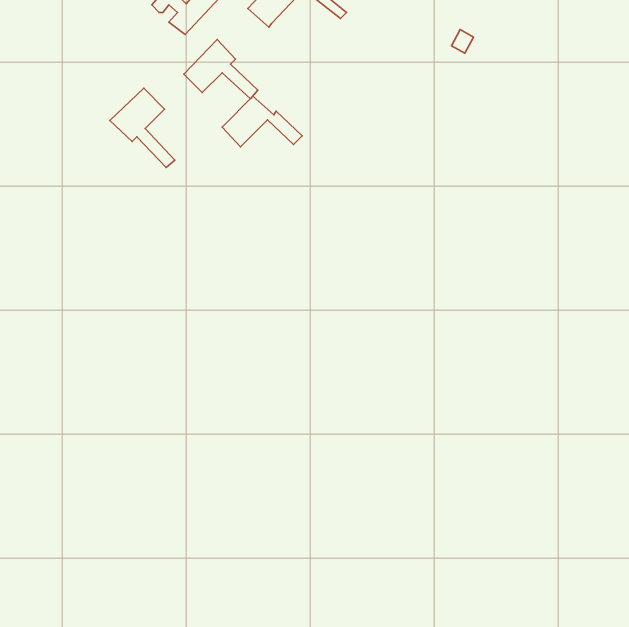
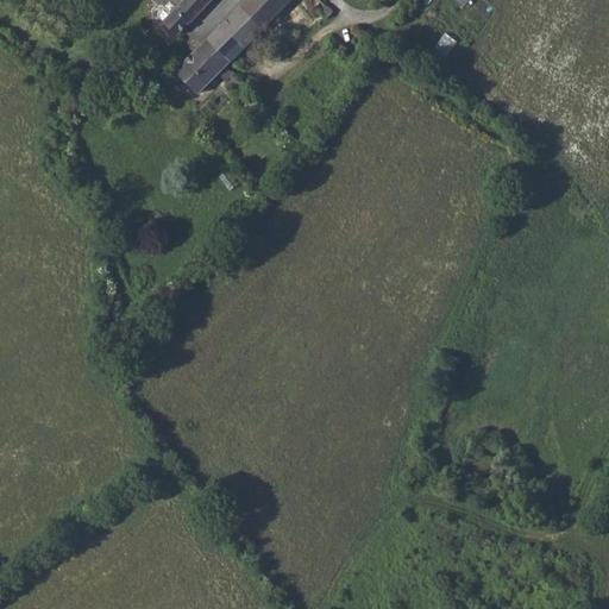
building: [110,88,175,167] -> none
building: [222,96,302,147] -> [209,8,287,57]

